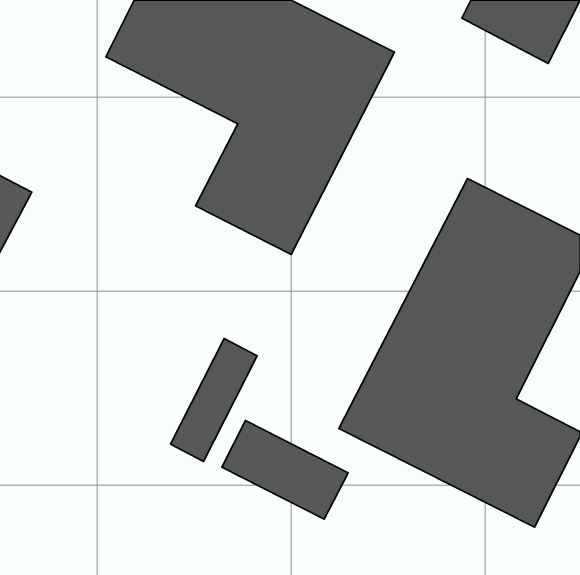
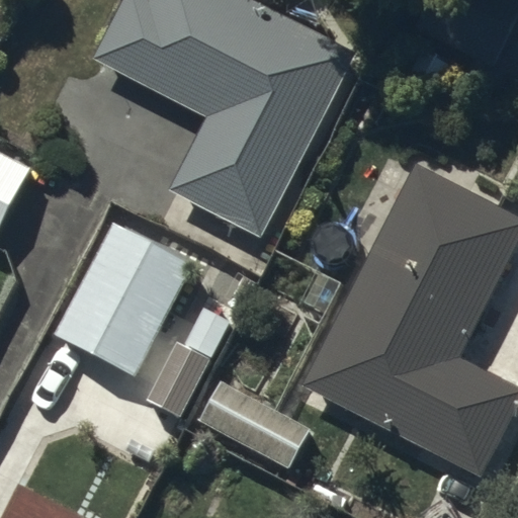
building: none -> [58,225,191,373]

